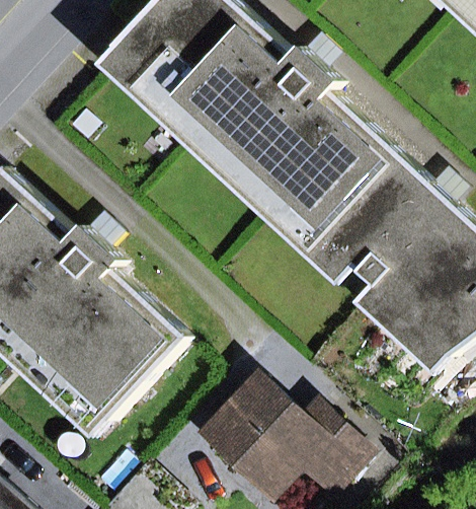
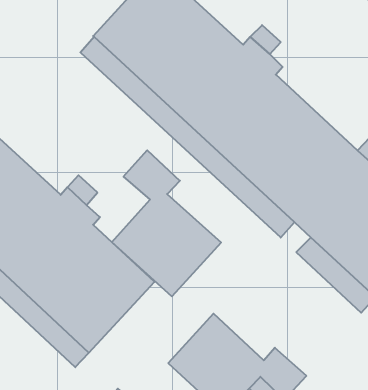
building: none -> [112,150,221,296]

